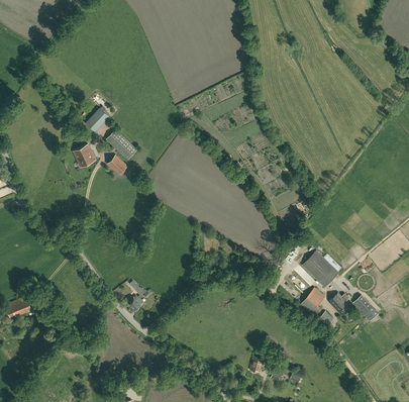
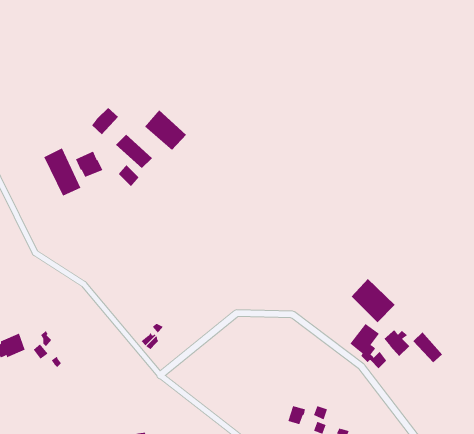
building: none -> [144,110,187,151]
building: none -> [44,147,81,196]

